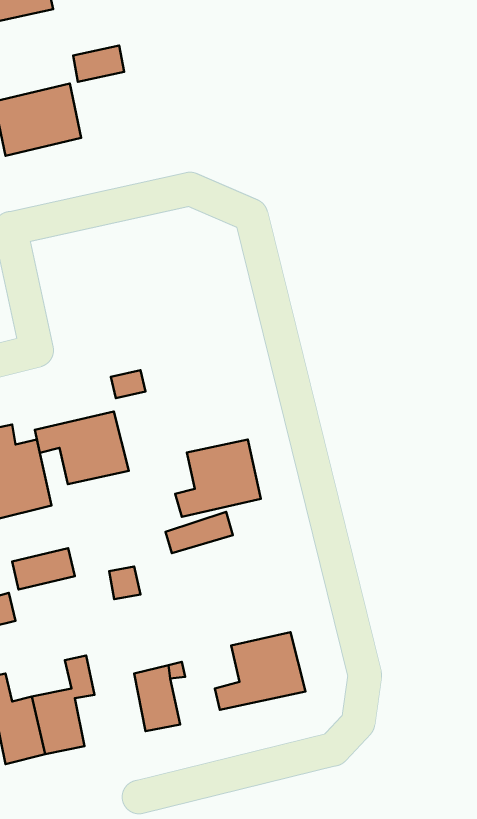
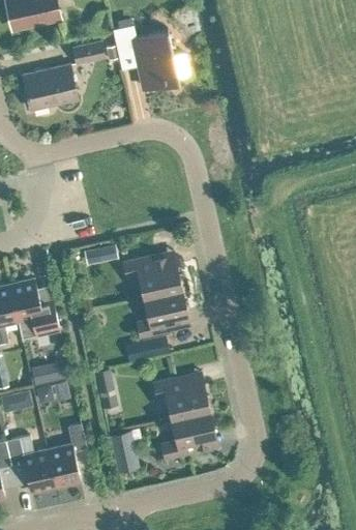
building: none -> [111,25,188,90]
building: [35,412,129,484] -> [121,252,180,297]
building: none -> [152,373,207,418]
building: none -> [37,377,72,402]

